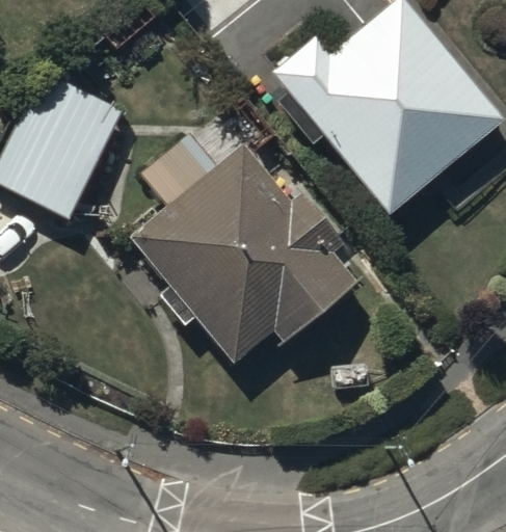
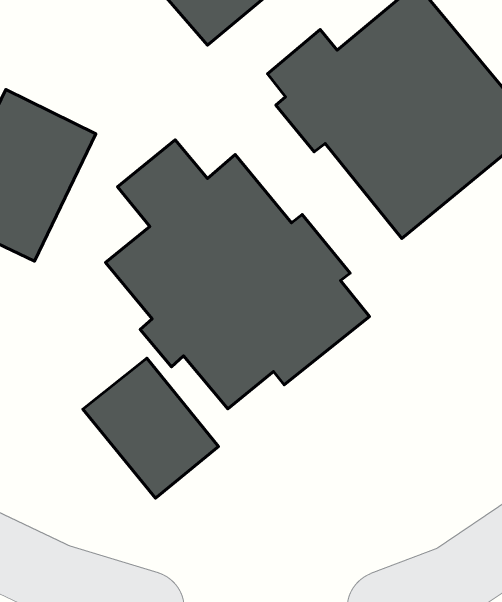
building: none -> [83,358,218,498]

